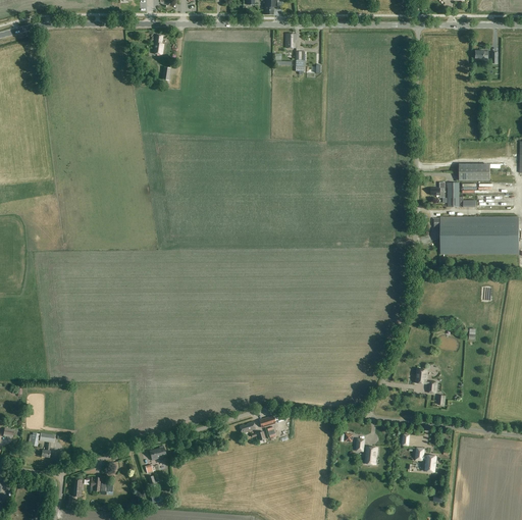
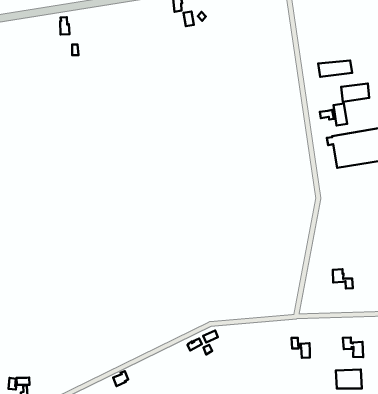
building: none -> [318,60,352,77]
building: none -> [336,369,362,388]

